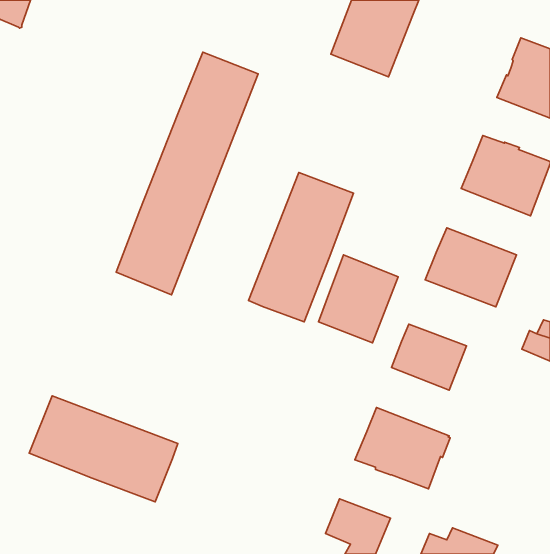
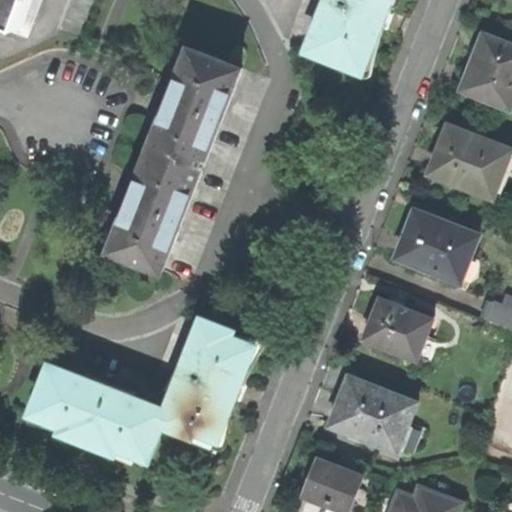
building: [249,173,354,322] -> none
building: [319,255,398,343] -> none
building: none -> [159,318,253,443]

